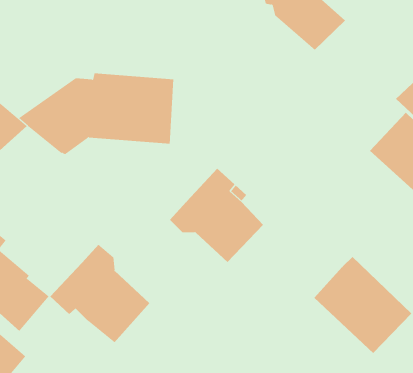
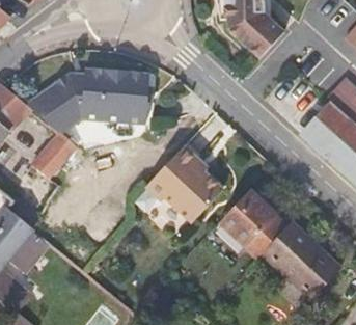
building: none -> [33,133,77,179]
building: none -> [217,190,282,255]
building: [49,244,150,343] -> none

